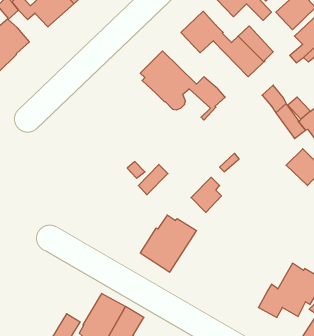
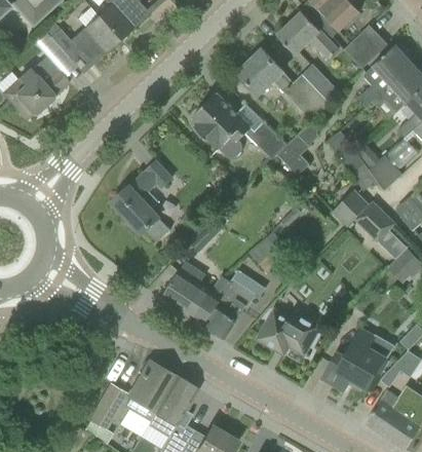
building: none -> [275,135,310,176]
building: none -> [113,161,171,241]
building: none -> [334,191,369,226]
building: none -> [161,261,209,317]
building: none -> [257,308,321,354]

